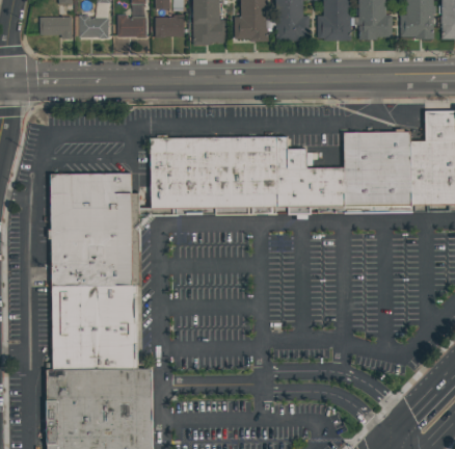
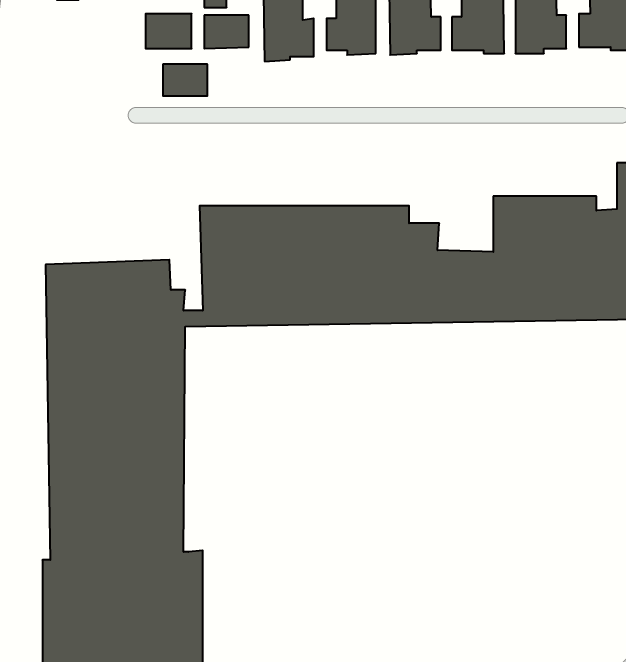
building: [39,16,72,37] -> none
building: [79,16,108,36] -> [163,64,207,96]

